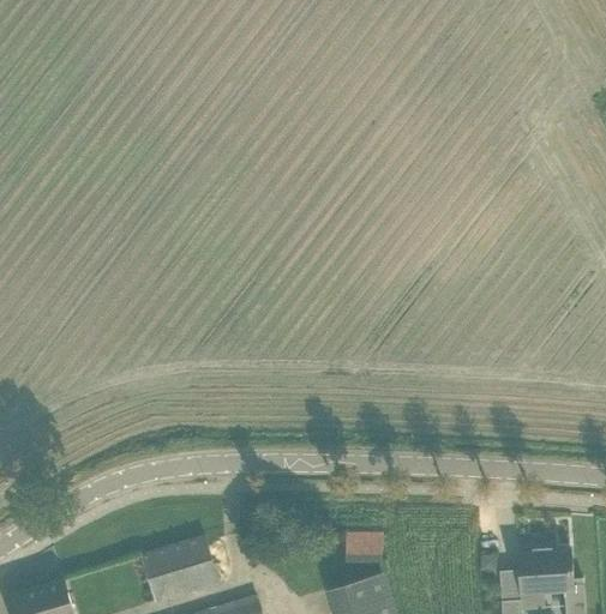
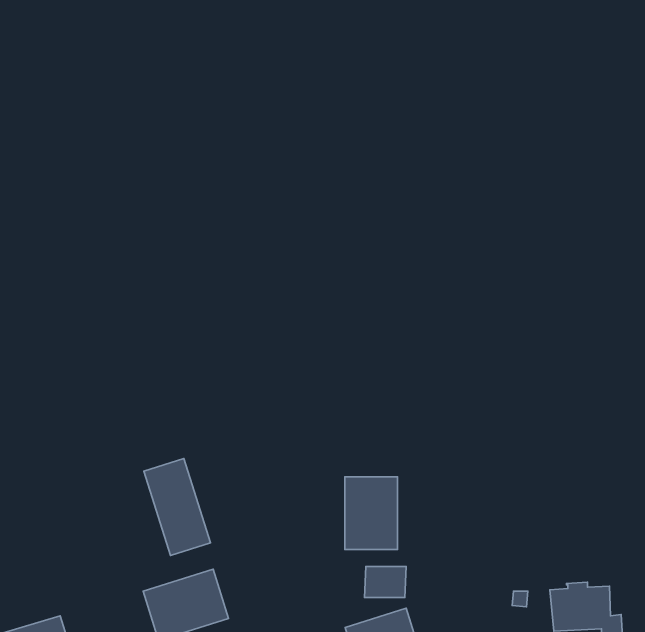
building: none -> [144,459,210,556]
building: none -> [345,477,398,550]

